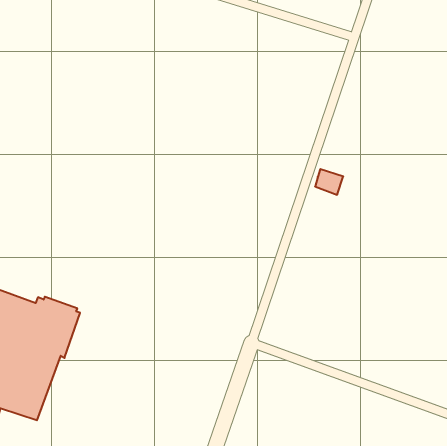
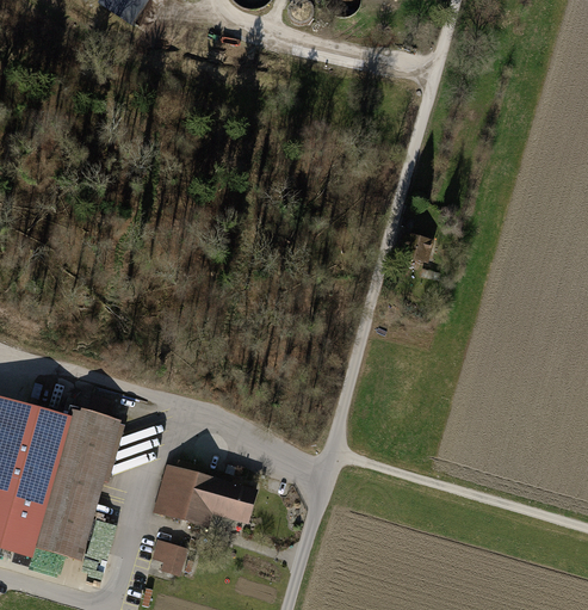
building: none -> [151,457,258,526]
building: none -> [150,537,188,575]

